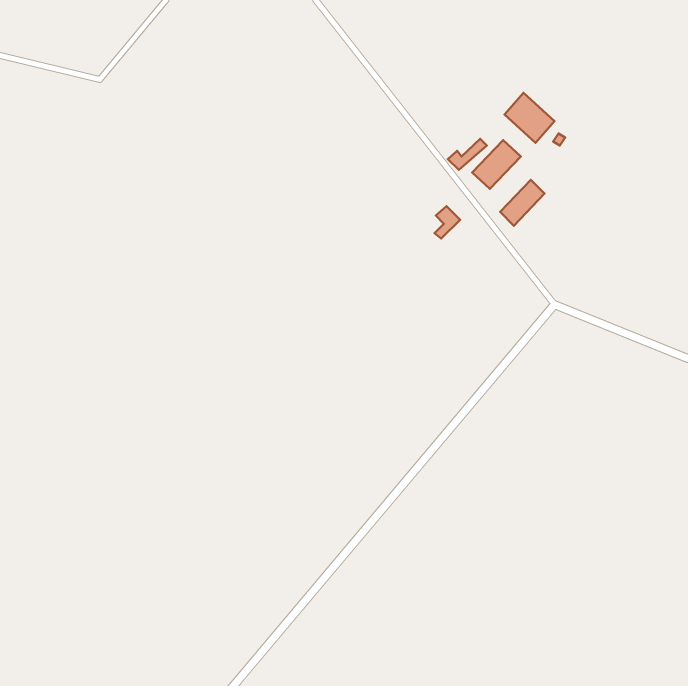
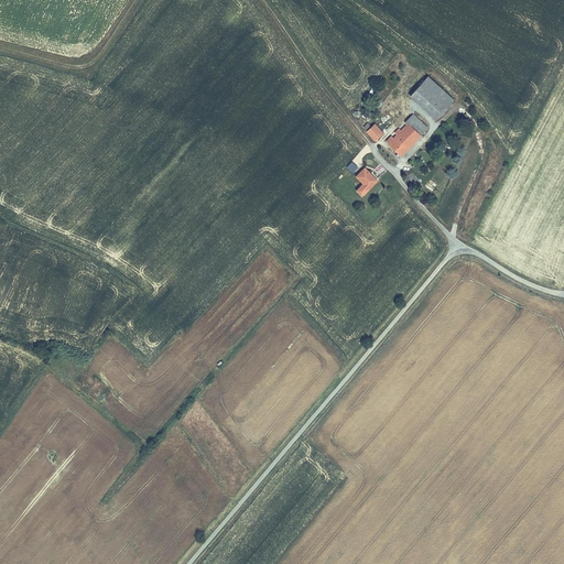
building: [500,180,544,226] -> none

